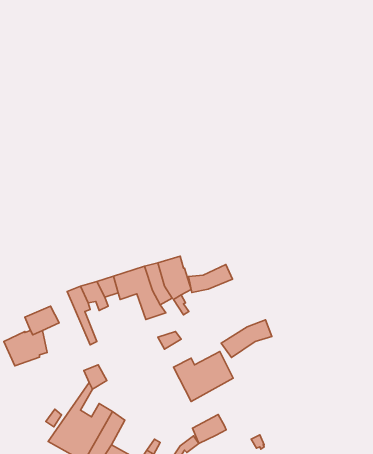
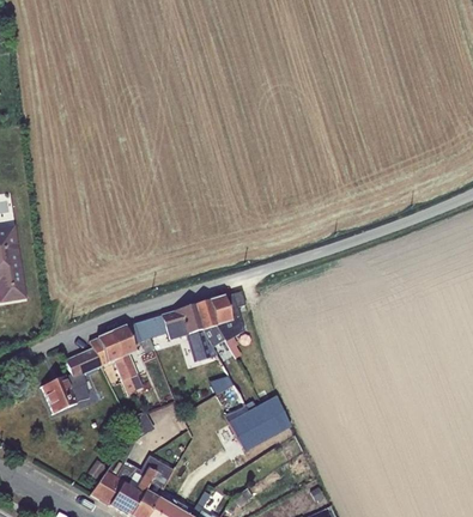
building: [188,265,233,292] -> none
building: none -> [89,332,137,396]
building: [221,320,272,358] -> none
building: [193,415,226,444] -> none

